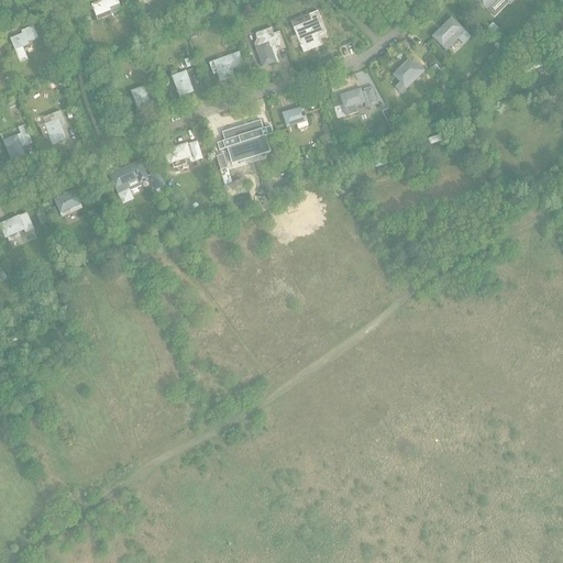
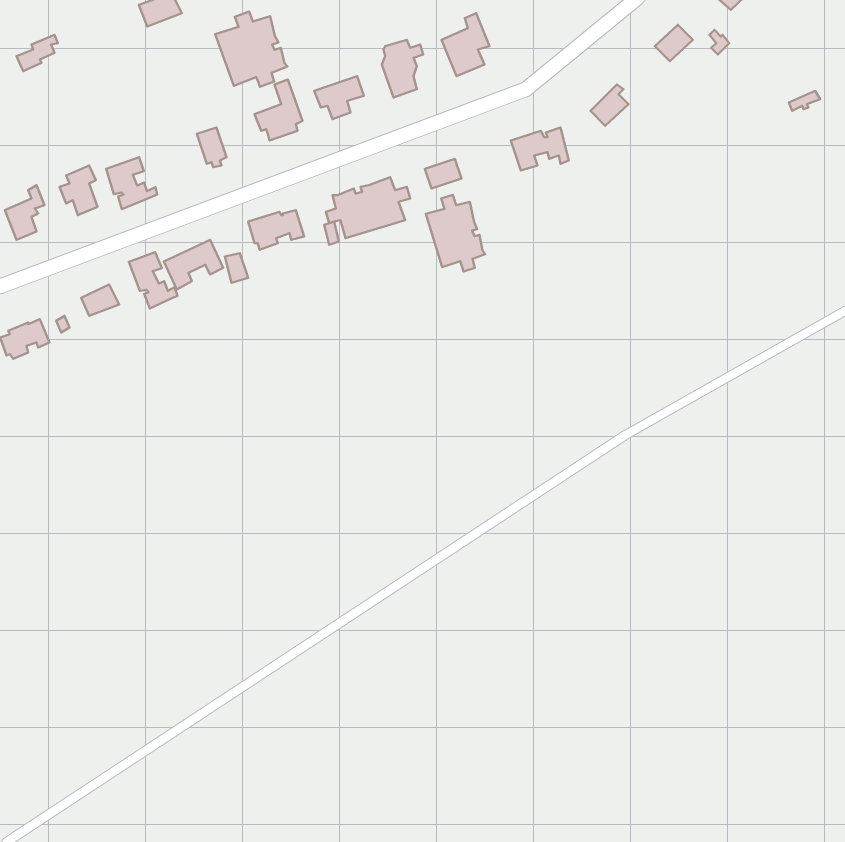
building: none -> [215,12,287,87]
building: none -> [106,157,157,209]
building: none -> [426,195,485,272]
building: none -> [129,252,177,309]

